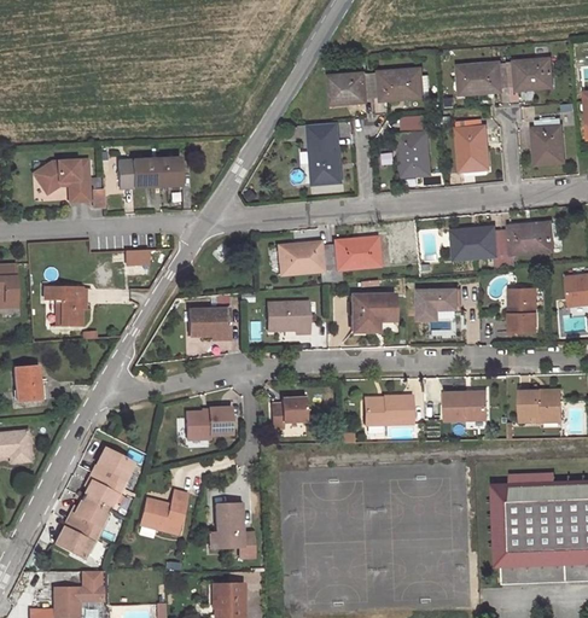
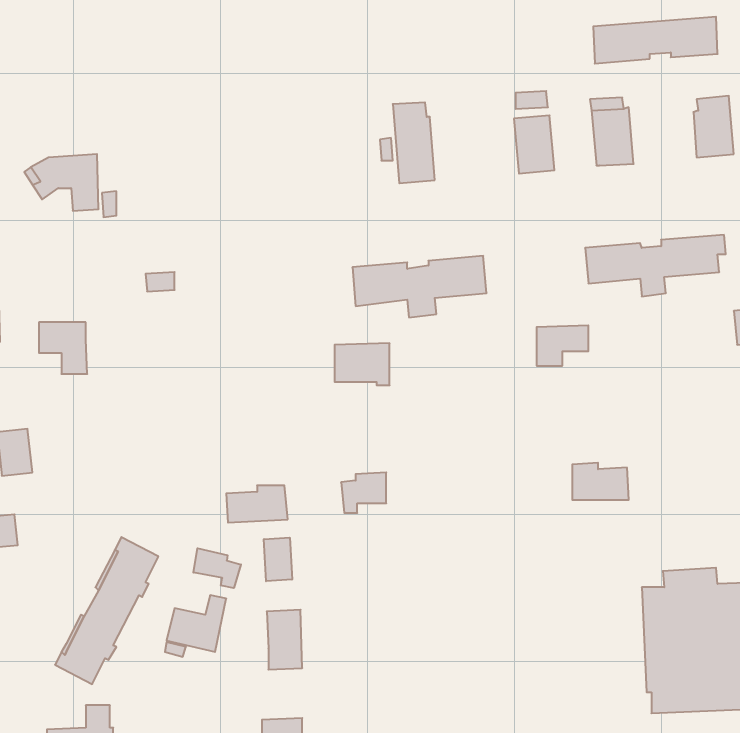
building: [330,69,423,103] -> none
building: [117,157,181,188] -> none
building: [508,293,534,332] -> none
building: [350,295,394,332] -> none
building: [187,309,228,337] -> none
building: [519,390,560,420] -> none
building: [363,396,412,425] -> none
building: none -> [264,538,292,581]
building: none -> [193,548,241,588]

